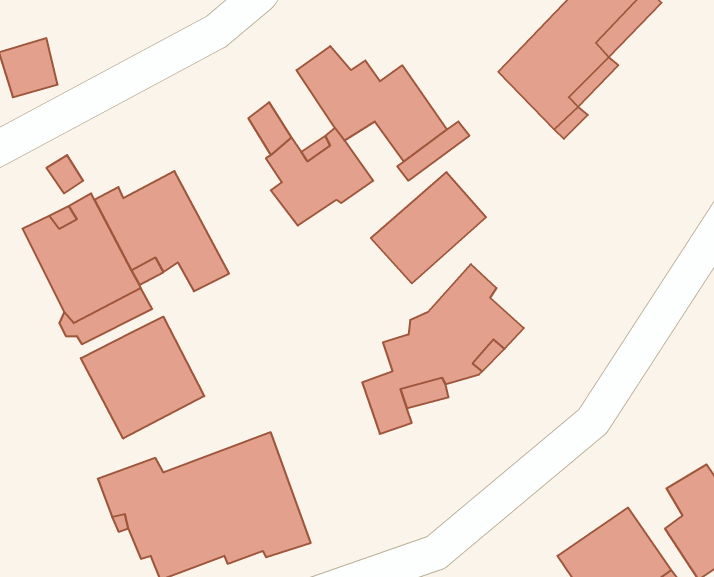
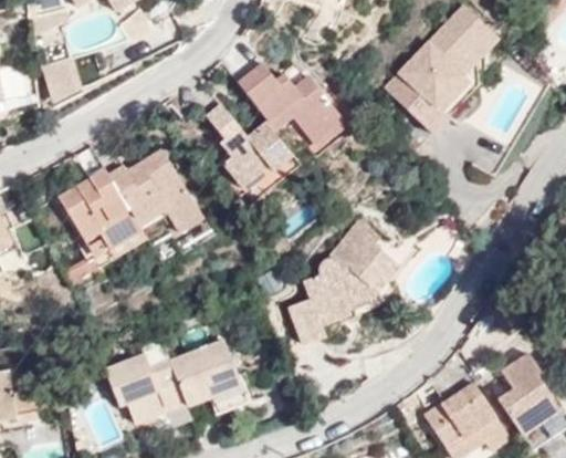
building: [371,172,486,283] -> none
building: [81,317,204,439] -> none

